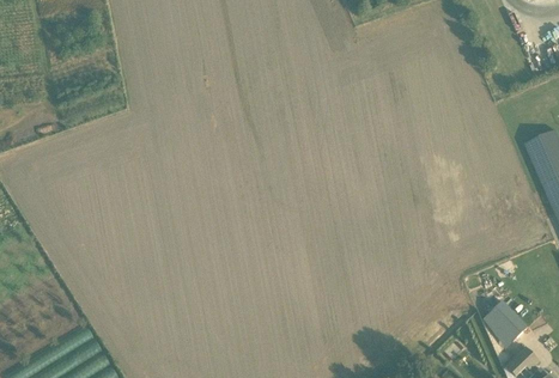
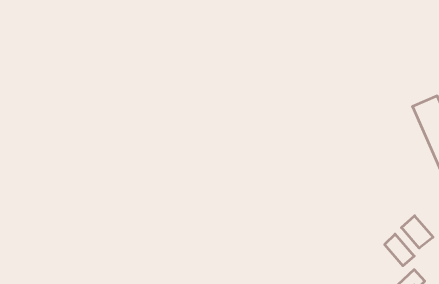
building: none -> [401,216,433,248]

